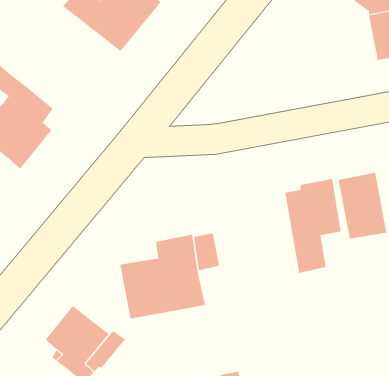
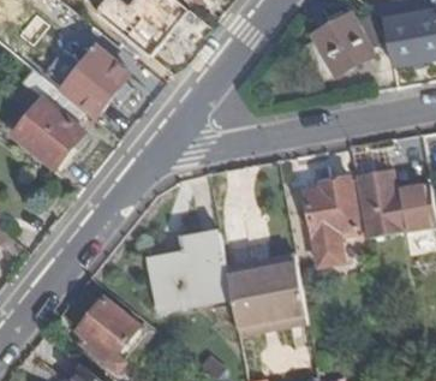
building: none -> [313,16,372,76]
building: none -> [43,46,131,114]
building: none -> [229,255,317,334]

